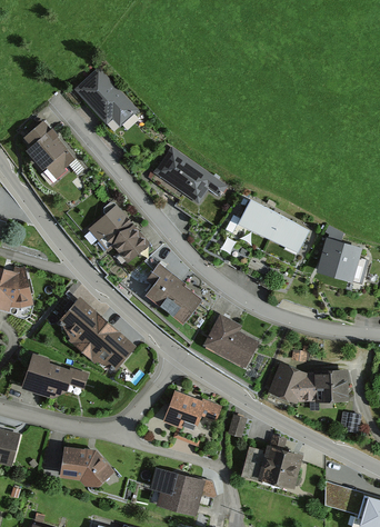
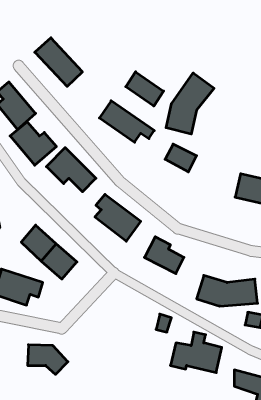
building: none -> [126,72,164,106]
building: none -> [166,73,214,134]
building: none -> [10,122,56,165]
building: [263,217,303,252] -> none
building: [159,389,214,425] -> none
building: [159,470,206,514] -> none

